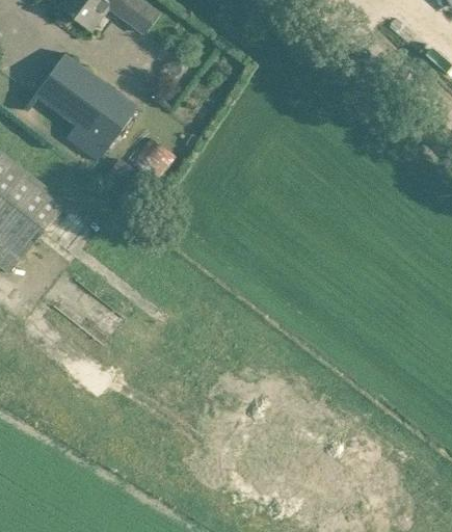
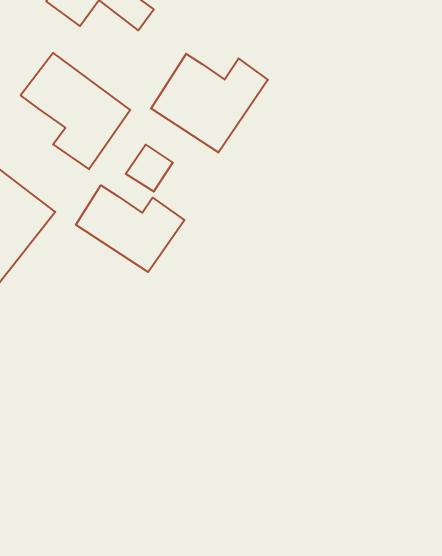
building: none -> [151,54,268,153]
building: none -> [76,185,184,272]

